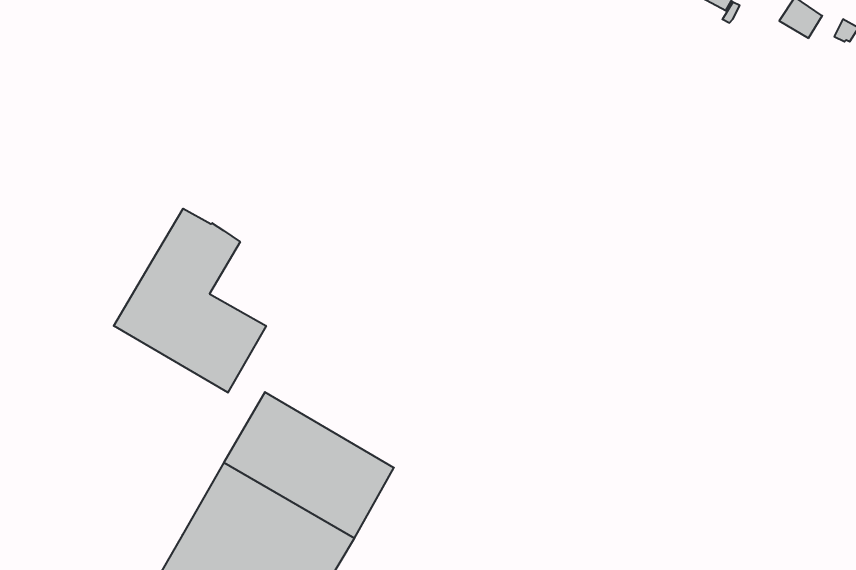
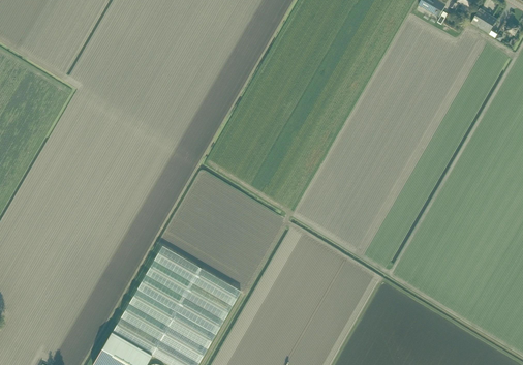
building: [114,209,266,393] -> none

